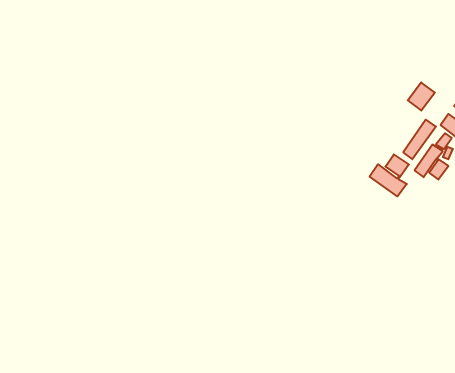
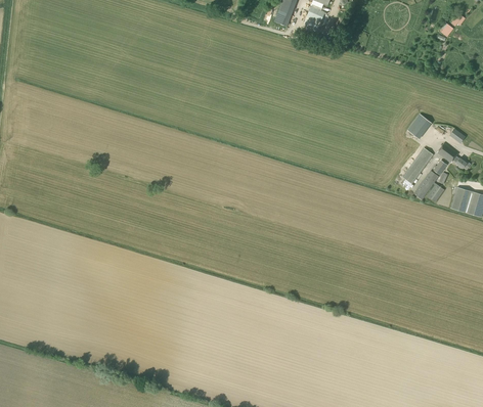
building: [370,154,409,196] -> none

